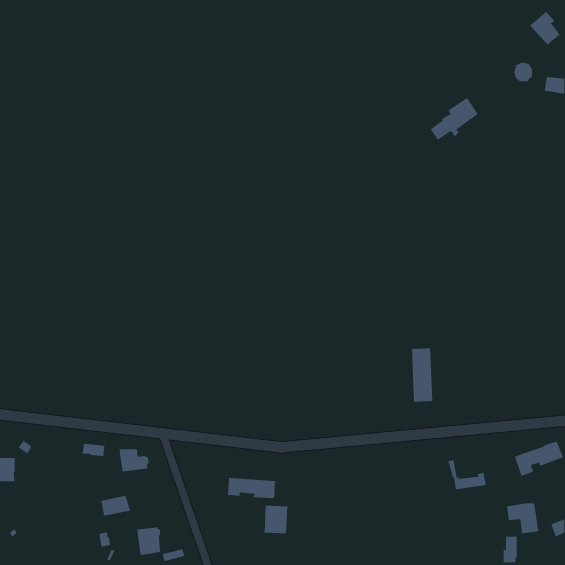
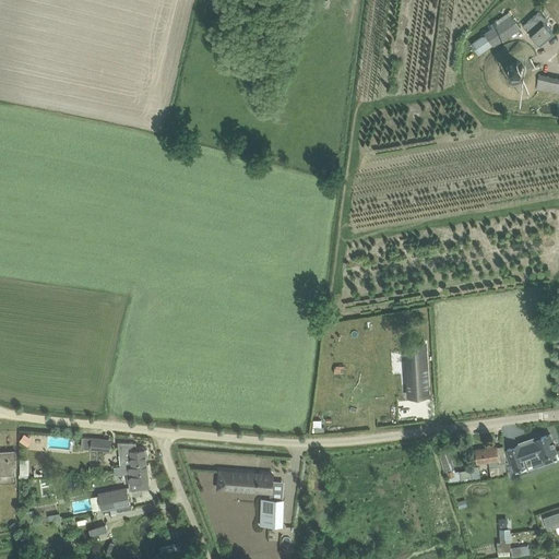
building: [430,97,478,140] -> [472,12,520,55]
building: [506,503,539,534] -> [475,447,508,477]
building: [132,527,161,556] -> [120,463,148,491]

